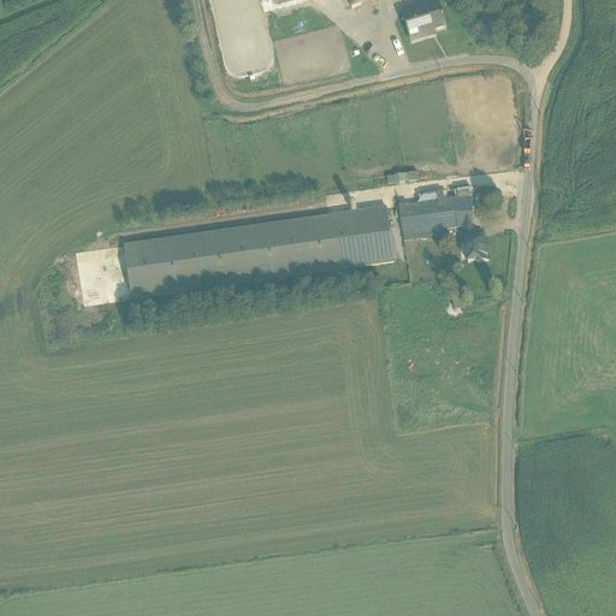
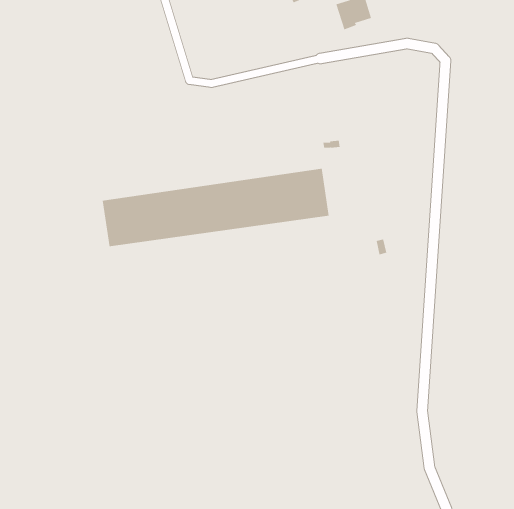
building: [397,182,487,256] -> none

